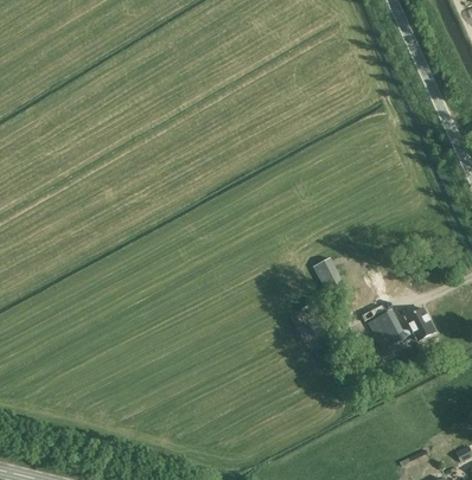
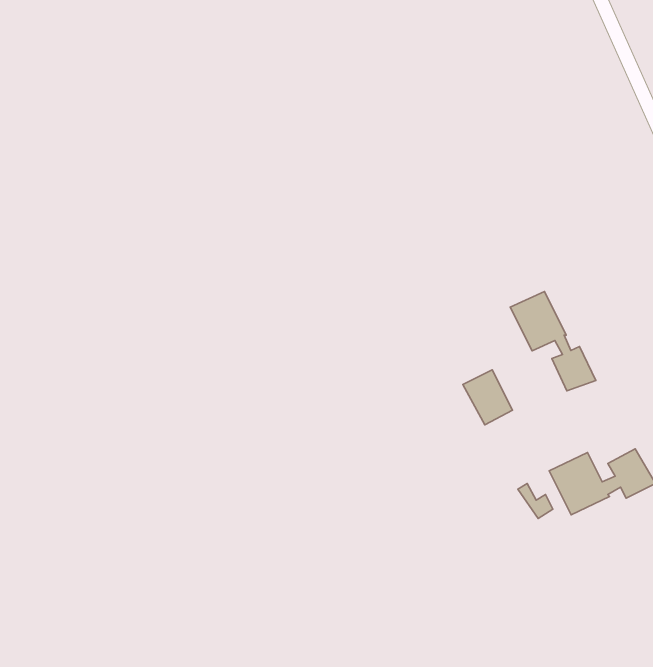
building: none -> [510,291,596,391]

